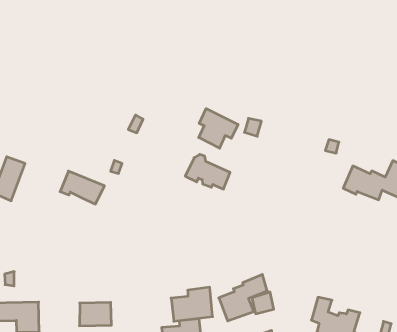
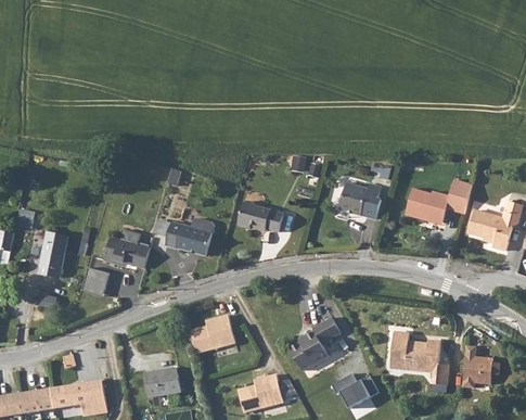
building: [199,109,238,148] -> none
building: none -> [341,182,384,219]
building: none -> [167,217,216,257]
building: none -> [84,259,112,294]
building: [171,287,213,321] -> [188,311,234,353]

